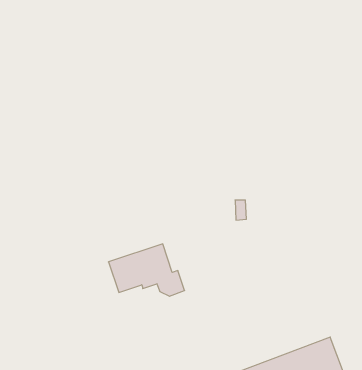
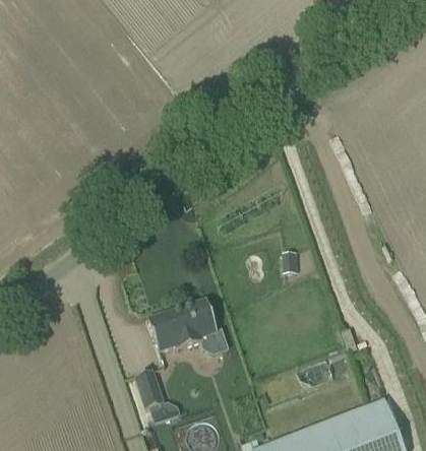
building: none -> [135,369,179,423]

